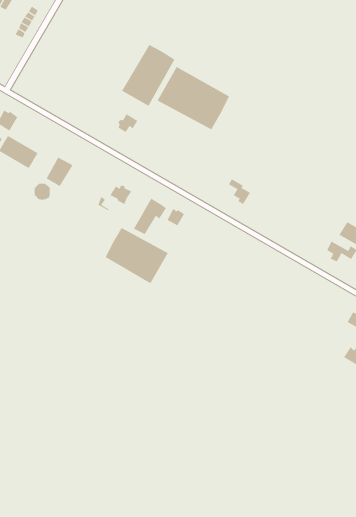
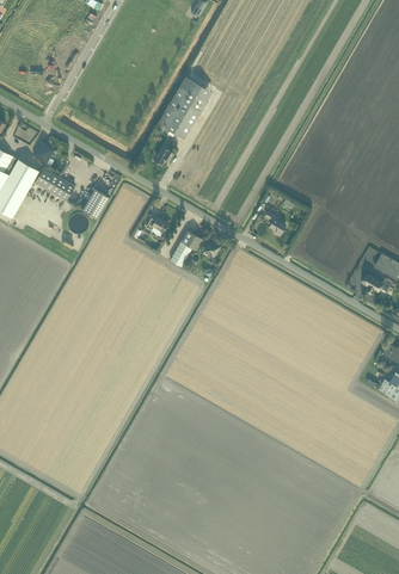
building: [157,66,230,130] -> none
building: [105,227,168,284] -> none

